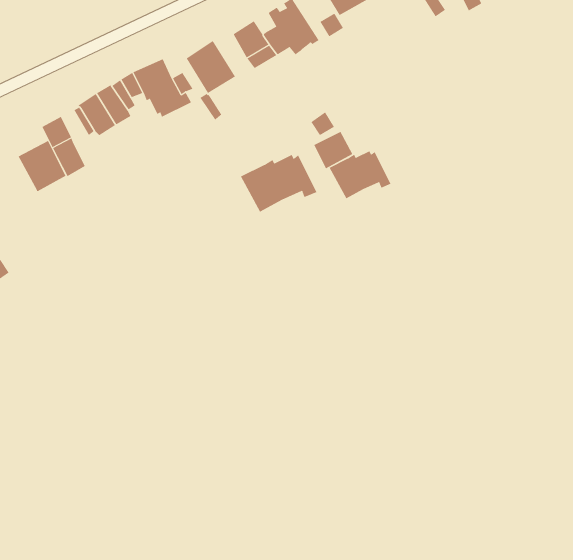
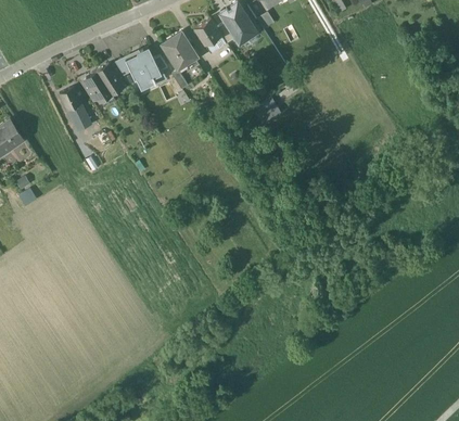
building: [18,140,66,192] -> none
building: [329,150,391,199] -> none
building: [240,154,317,213] -> none

